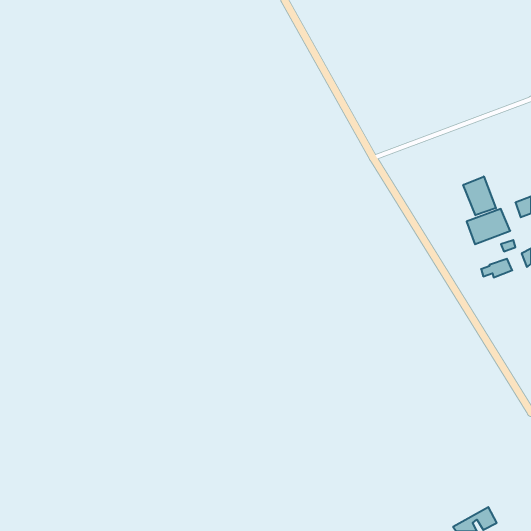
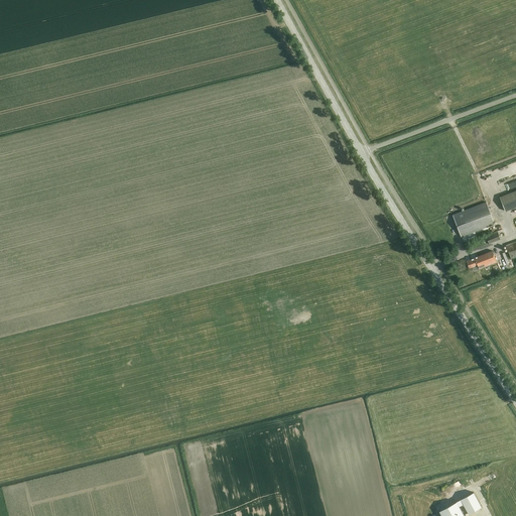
building: [463,176,496,215] -> none

